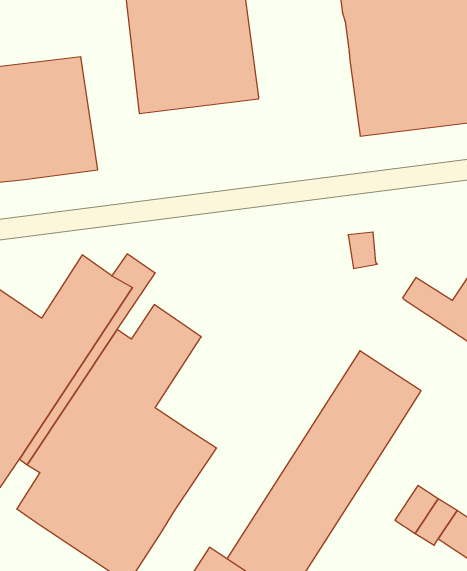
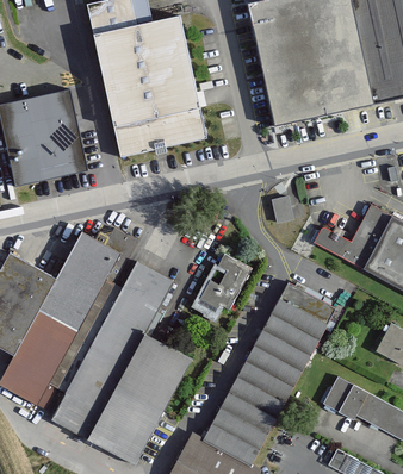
building: none -> [114,110,205,156]
building: none -> [200,254,252,308]

